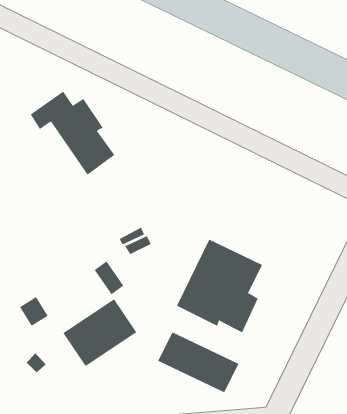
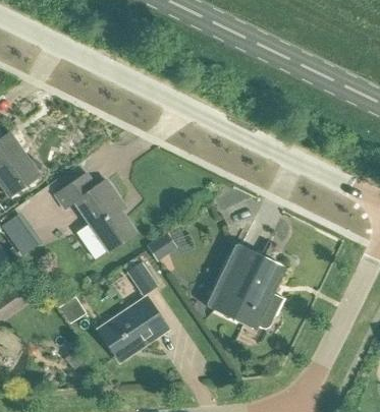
building: [30,91,115,175] -> [55,172,135,251]
building: [157,331,239,393] -> none

